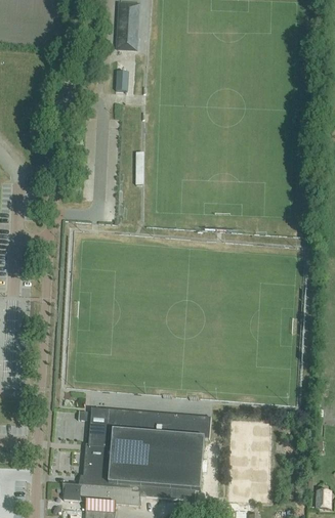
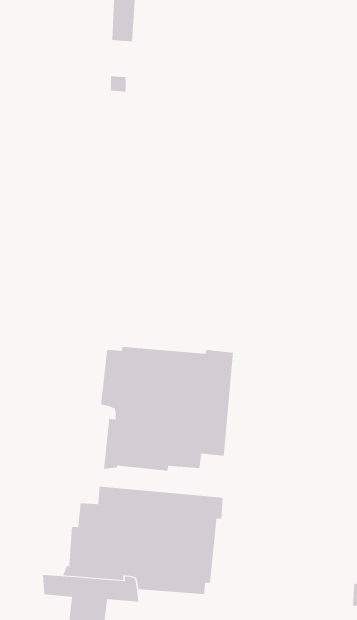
building: none -> [100,346,234,472]

